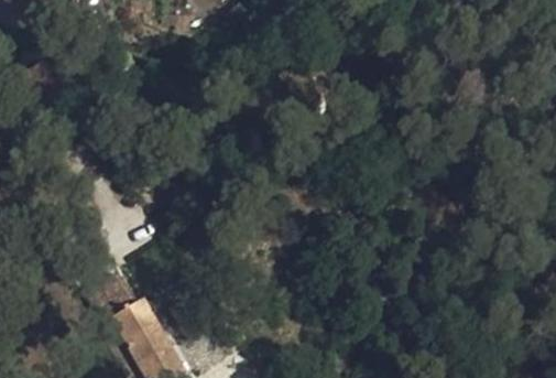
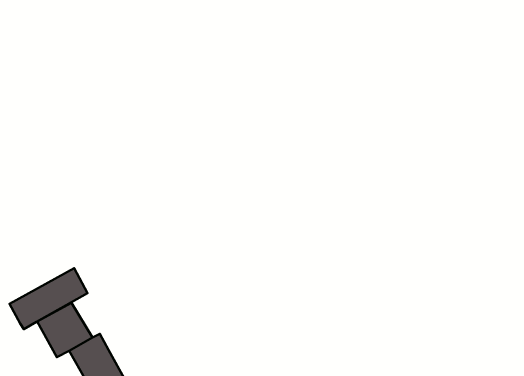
building: none -> [10,268,88,329]

